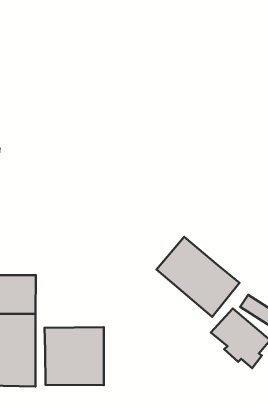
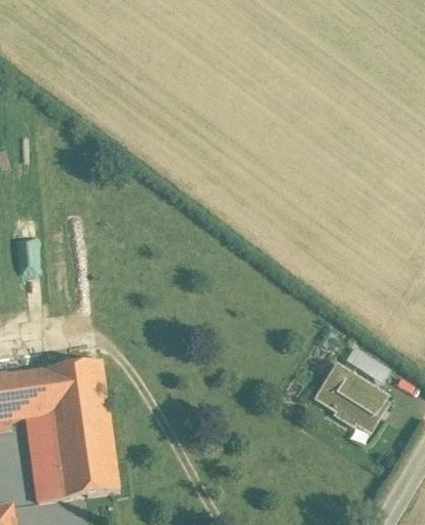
building: [156,237,239,317] -> none
building: [45,327,104,385] -> none

